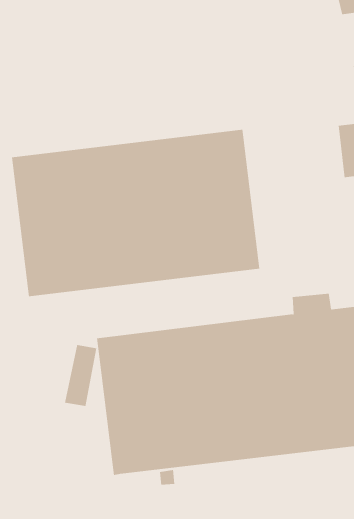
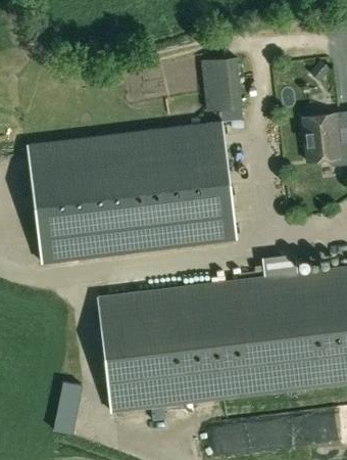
building: none -> [201,58,240,110]
building: [64,344,97,406] -> [53,381,81,433]

